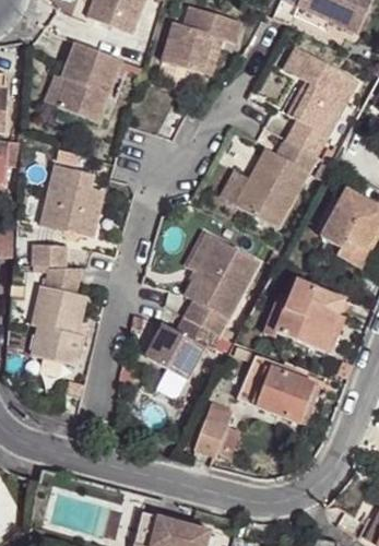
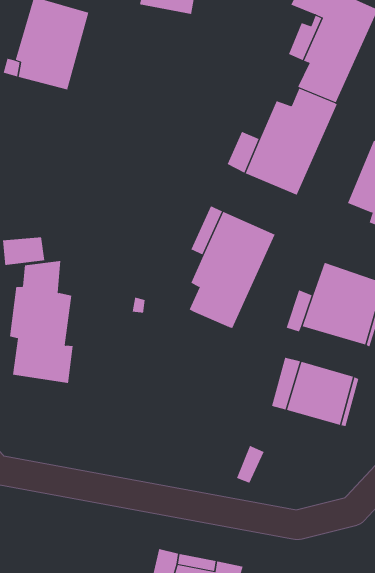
building: [39,161,105,235] -> none
building: [146,317,213,377] -> none
building: [186,413,225,458] -> none

